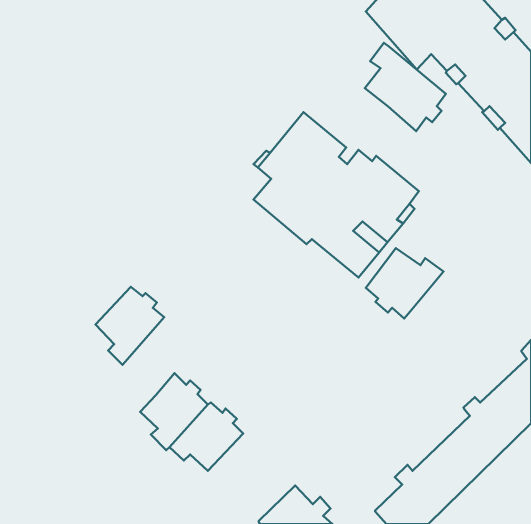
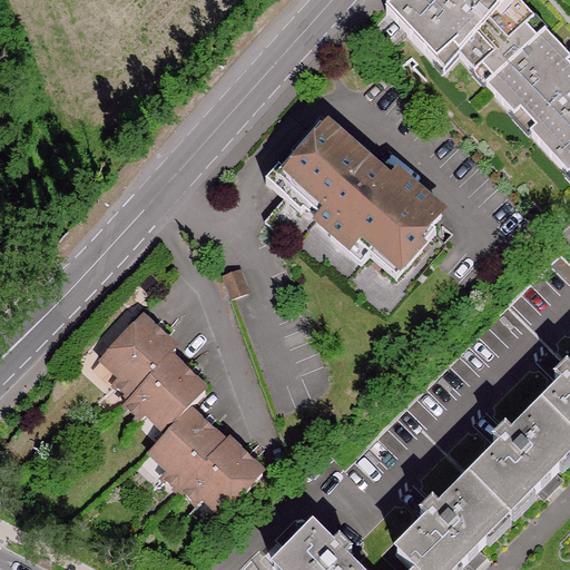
building: [365,43,446,131] -> none
building: [366,248,443,319] -> none
building: none -> [126,347,205,423]

